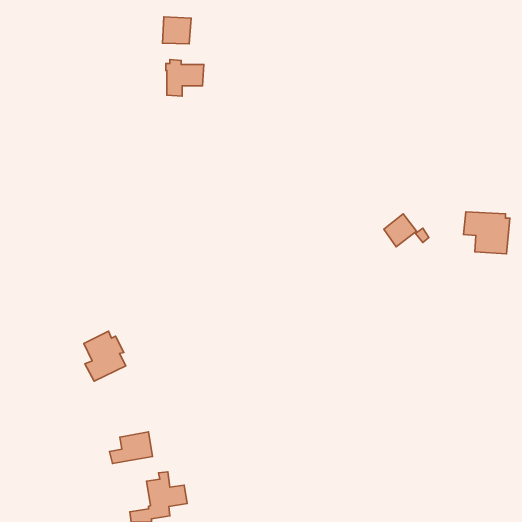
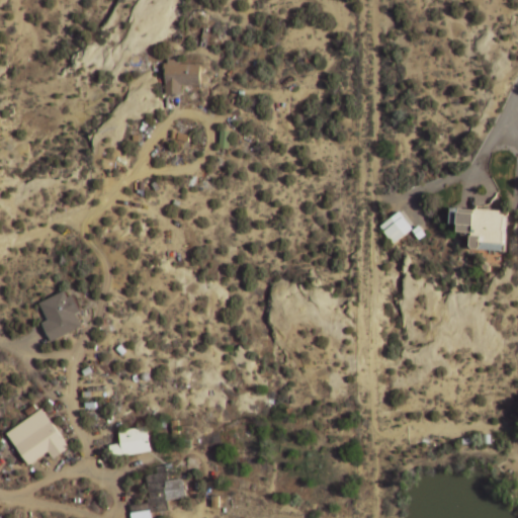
building: [162,17,191,44] -> none
building: [84,331,126,381] -> [40,291,82,341]
building: none -> [7,409,69,464]

